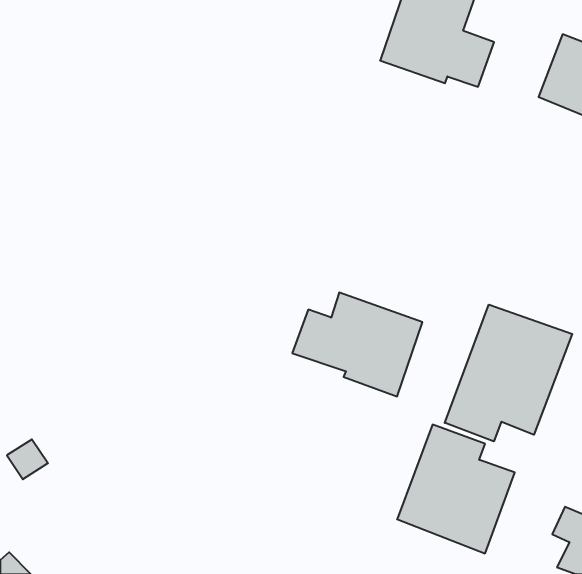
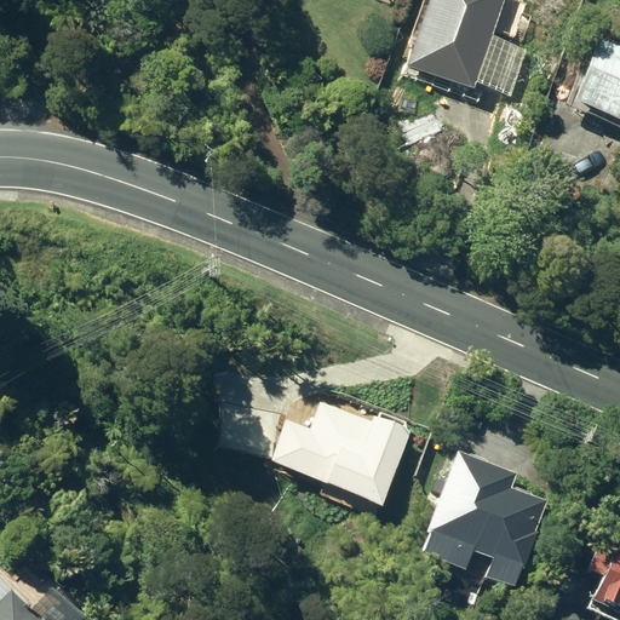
building: [292,293,422,396] -> [270,400,408,510]
building: [445,305,572,441] -> none

